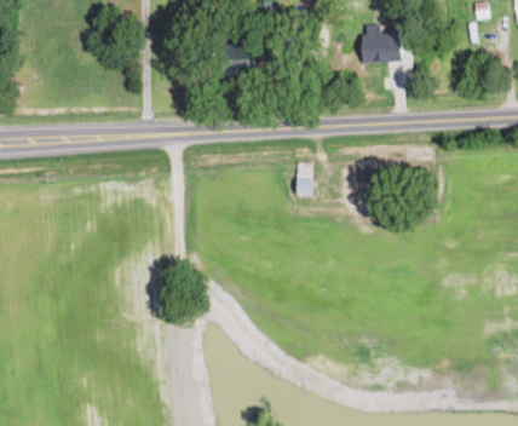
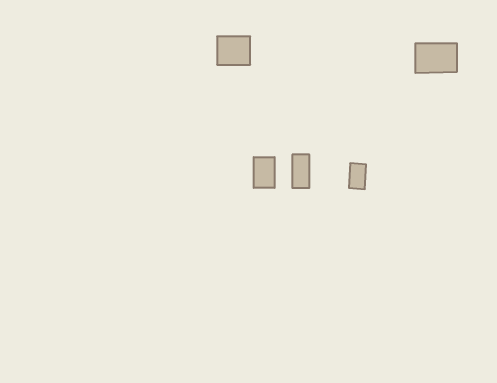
building: [359,34,401,63] -> [415,43,457,73]
building: none -> [254,157,275,188]

